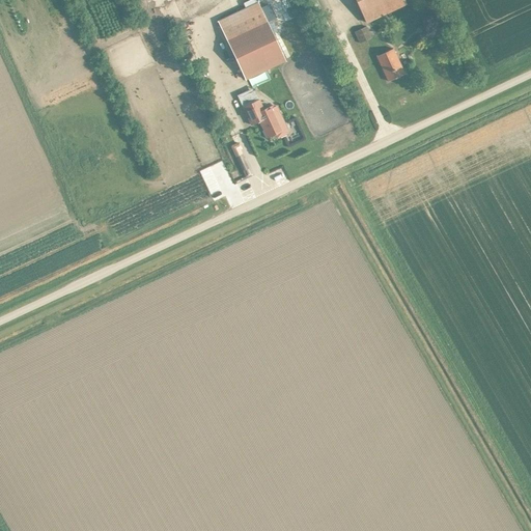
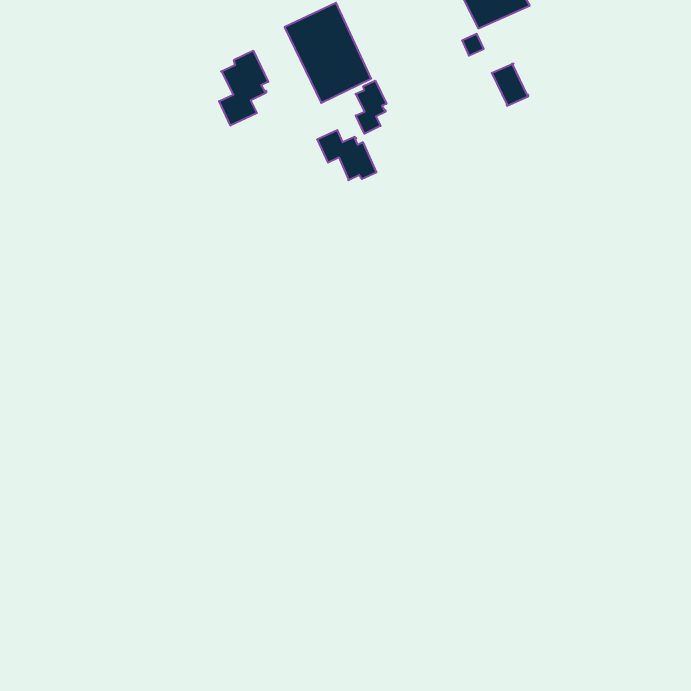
building: none -> [219,51,268,126]
building: none -> [355,81,386,134]

